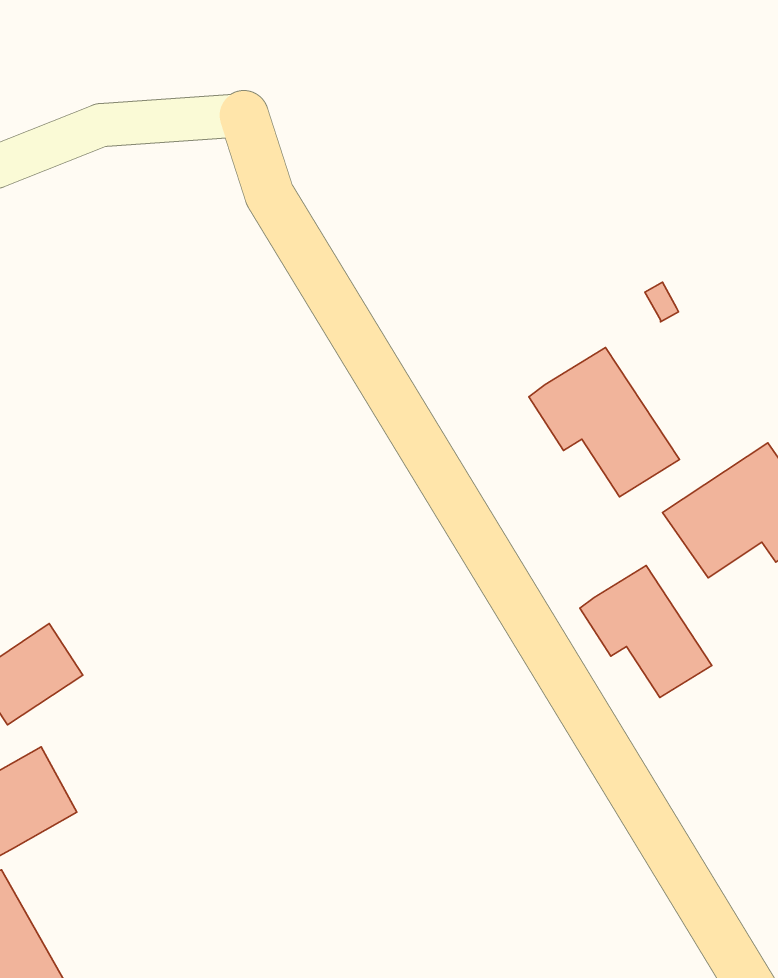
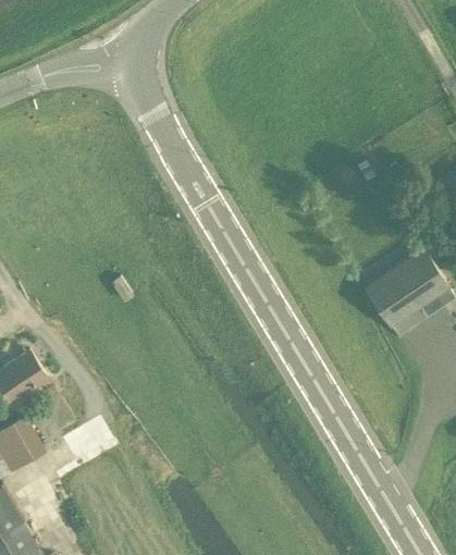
building: [529,347,680,497] -> none
building: [580,566,712,697] -> none

